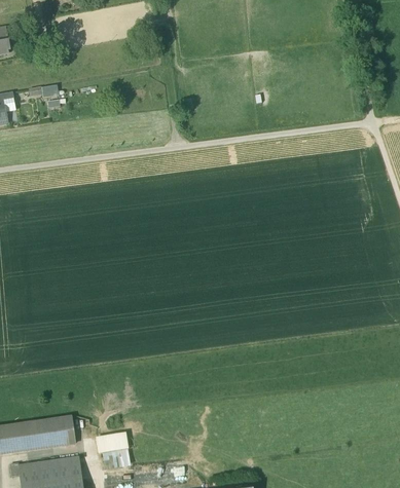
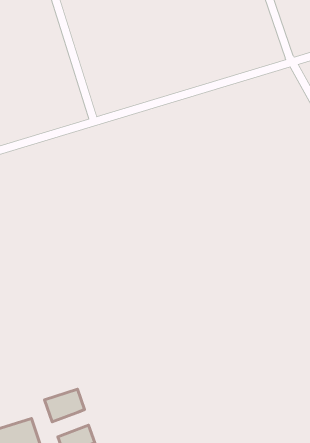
building: none -> [44,389,85,422]

